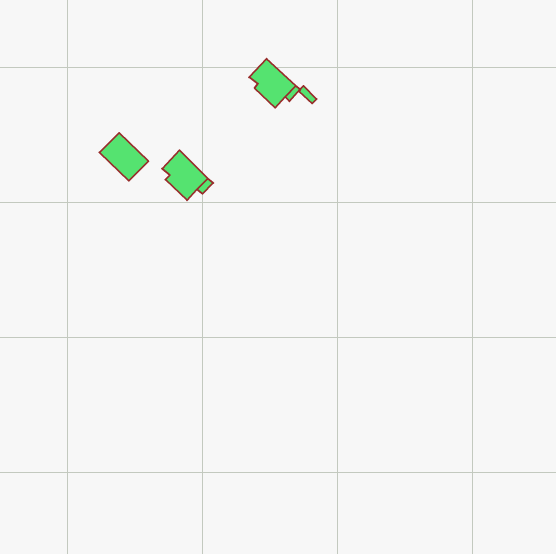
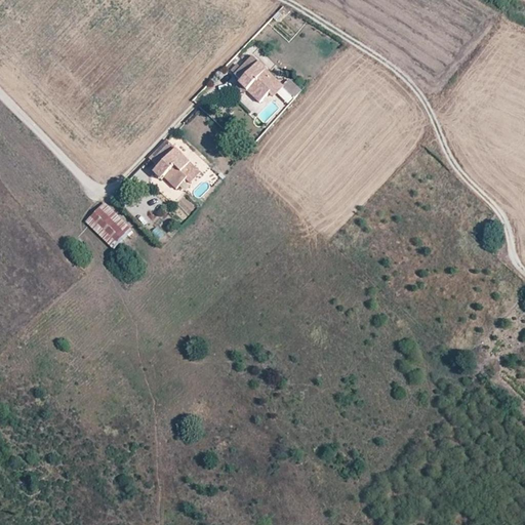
building: [99,133,148,181] -> [86,202,132,247]

